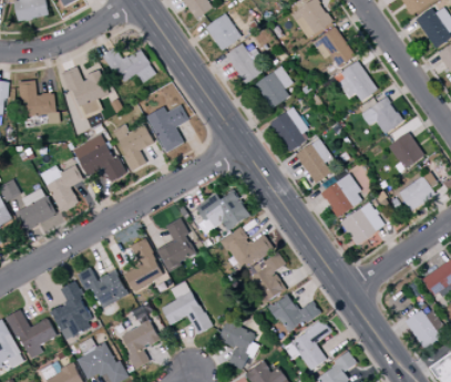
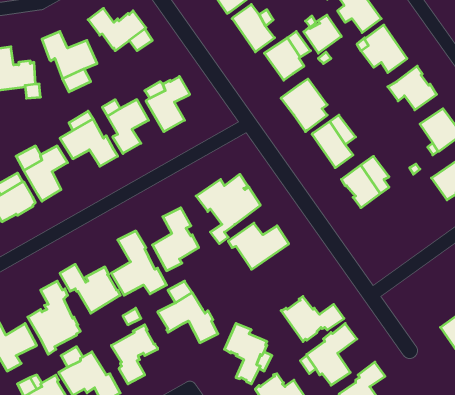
building: none -> [304,15,341,53]
building: [338,203,383,246] -> none
building: [245,250,287,306] -> none

